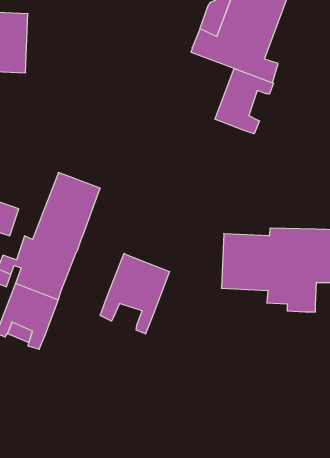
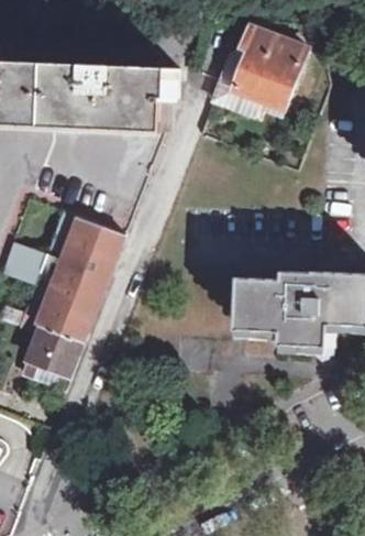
building: none -> [51,64,177,127]
building: [215,69,273,134] -> none
building: [100,253,170,334] -> none

